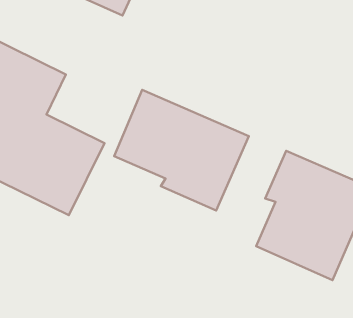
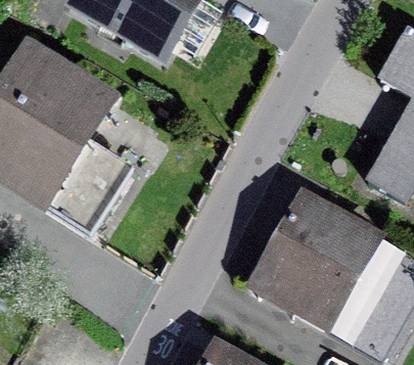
building: [114,90,249,210] -> none

